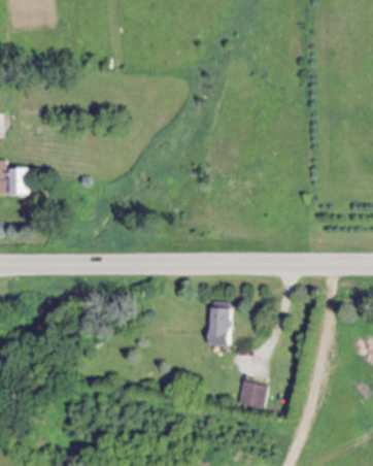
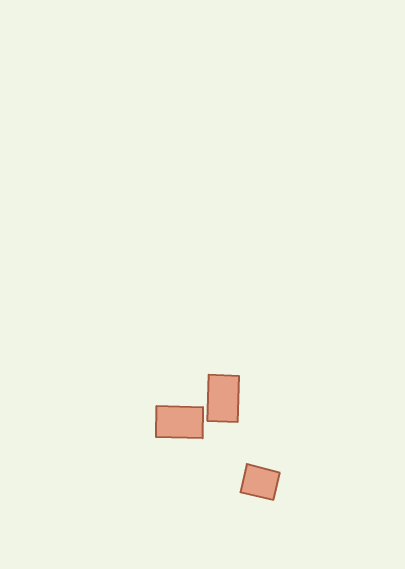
building: none -> [156,406,203,438]

